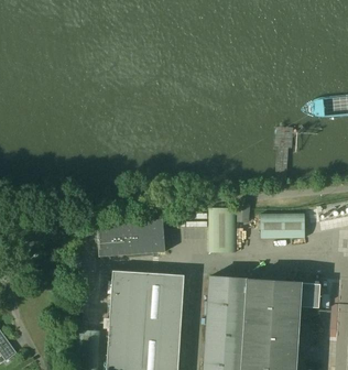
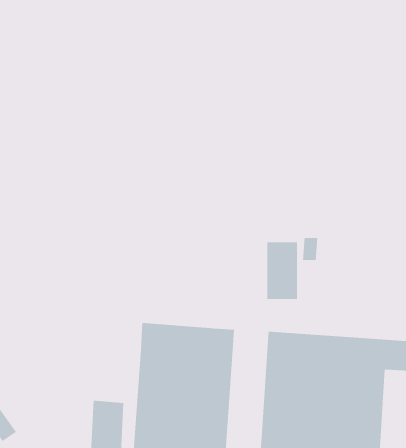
building: [260,214,304,238] -> none
building: [96,218,165,258] -> none

